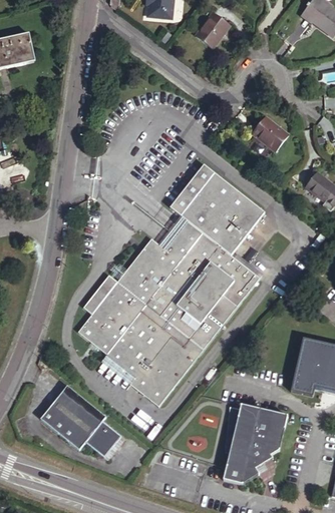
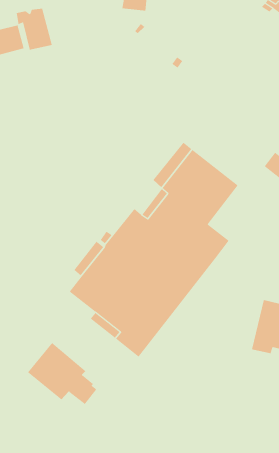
building: none -> [16,8,52,51]
building: [195,15,226,48] -> none
building: [250,117,286,152] -> none
building: [221,404,285,482] -> none

